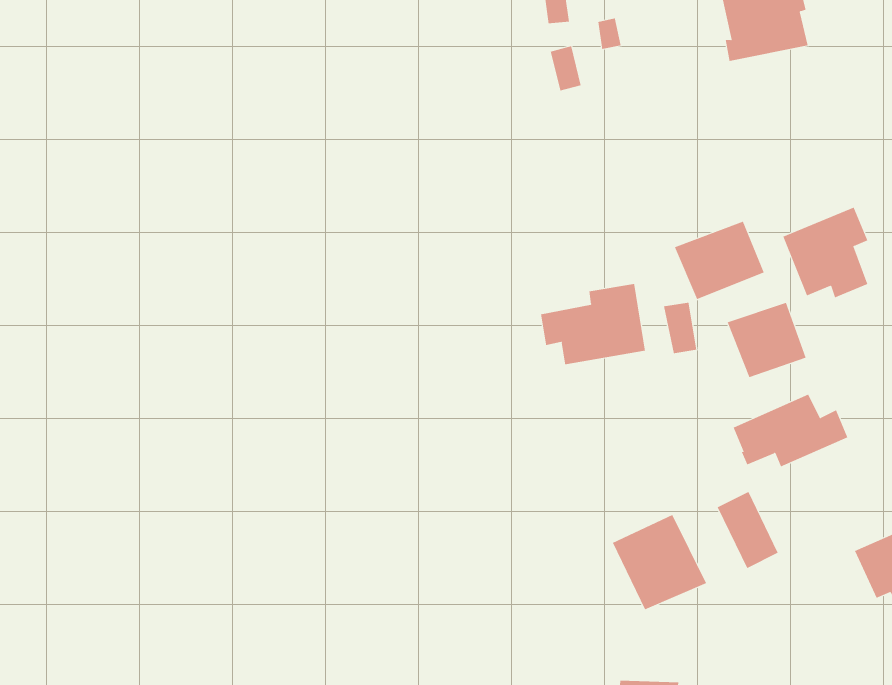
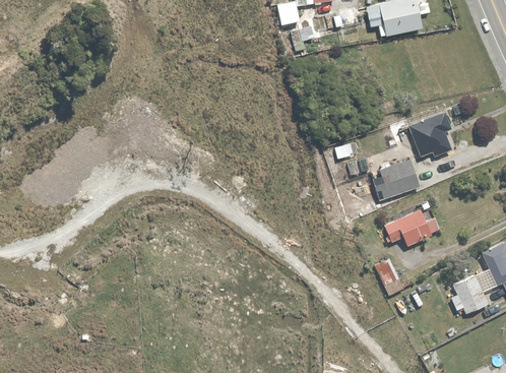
building: [674,221,764,300] -> none
building: [540,283,646,365] -> none
building: [612,514,707,610] -> none

